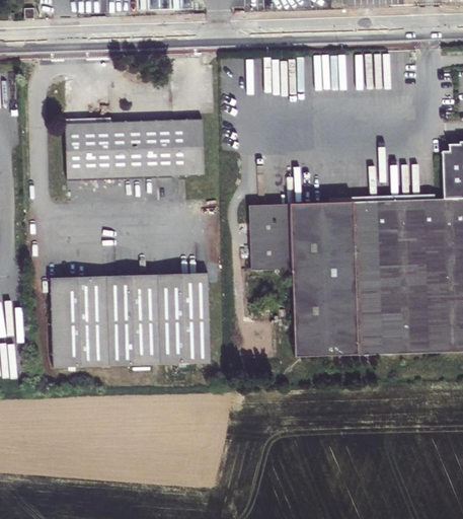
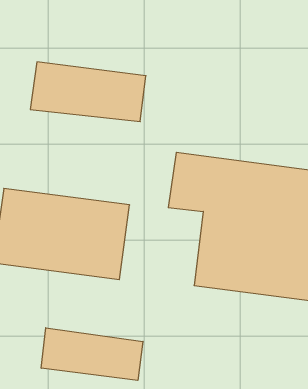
building: none -> [41,328,143,380]

